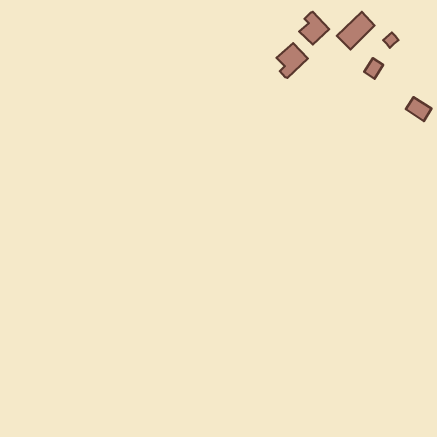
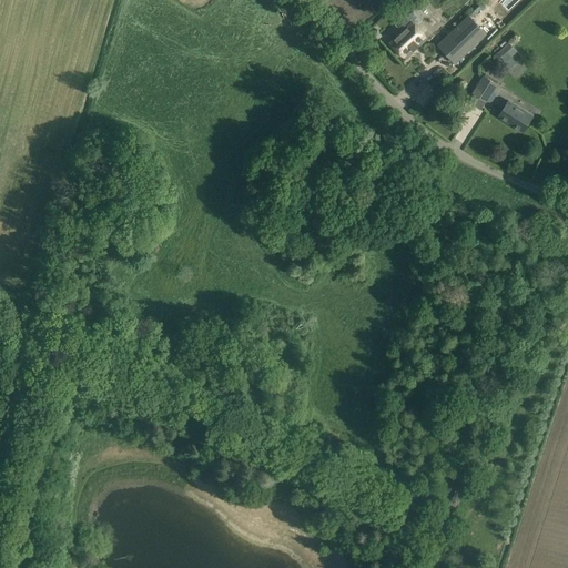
building: [276,43,308,78] -> none
building: [406,97,431,121] -> [499,101,532,132]

